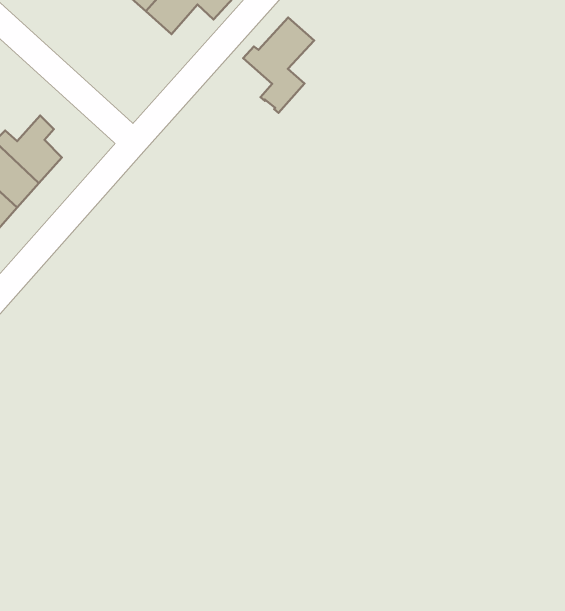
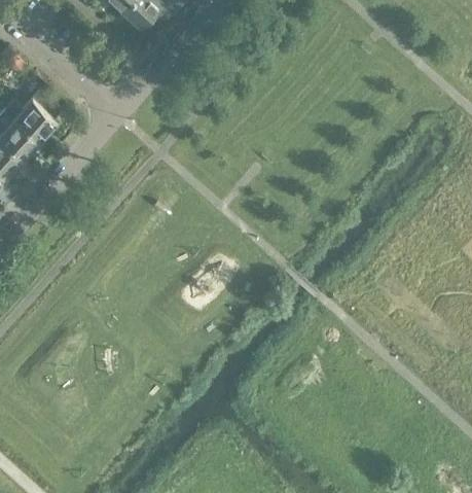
building: [243,17,314,113] -> none

